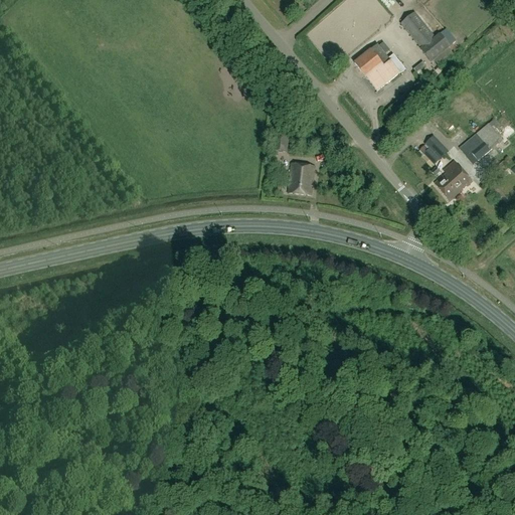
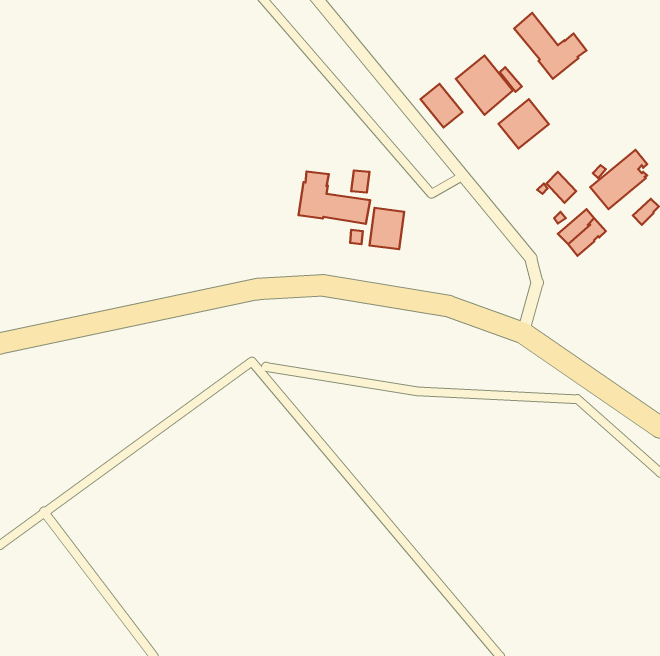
building: none -> [420,84,463,127]
building: none -> [498,99,549,148]
building: none -> [299,171,370,224]

